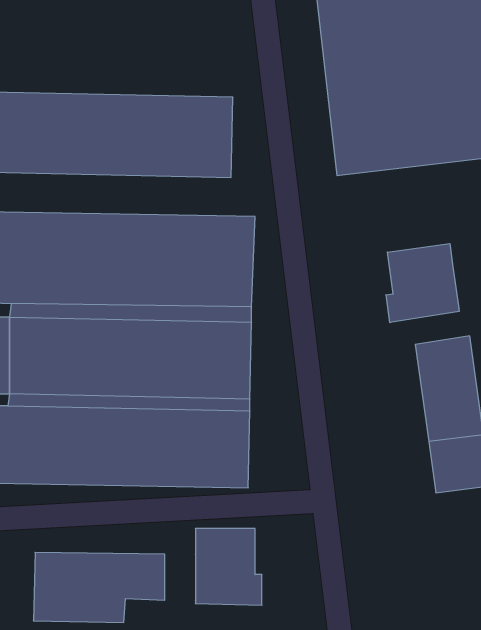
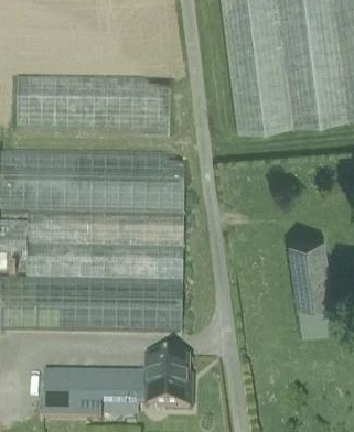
building: [386,244,459,323] -> none
building: none -> [127,375,147,404]

